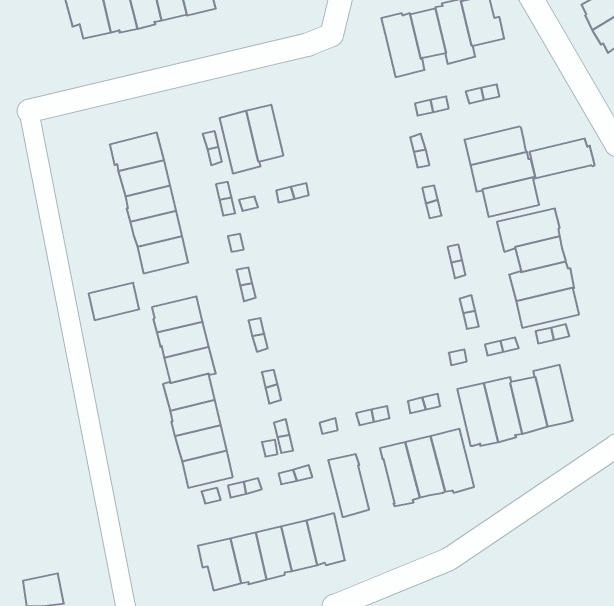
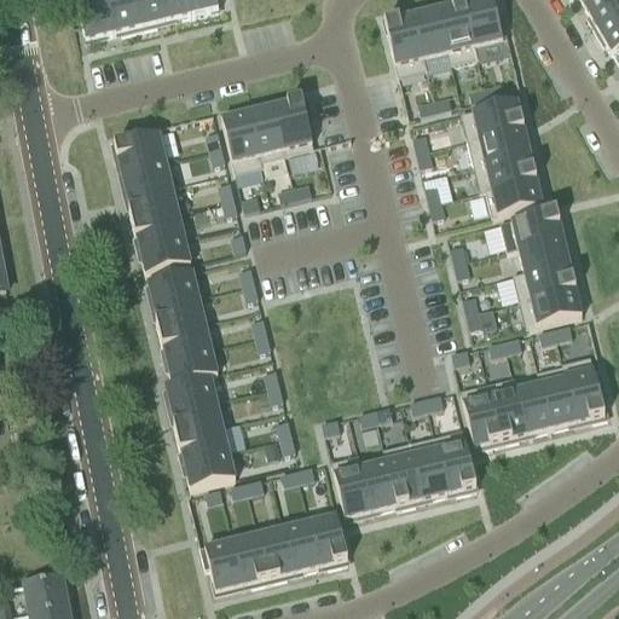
building: none -> [274,96,314,156]
building: [530,139,595,178] -> [462,100,527,140]
building: [89,283,139,320] -> [149,271,199,308]
building: none -> [562,357,608,422]
building: none -> [361,461,398,511]

